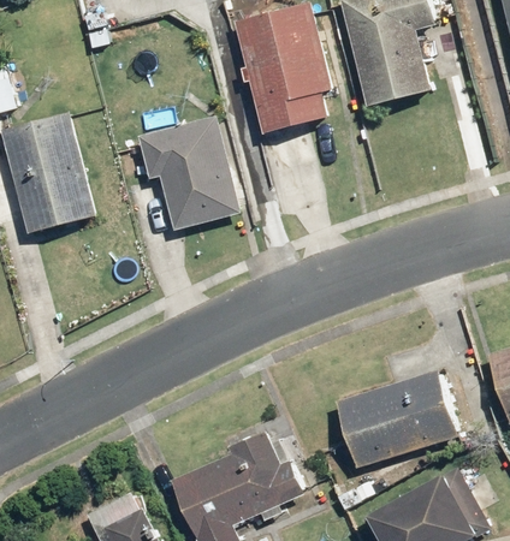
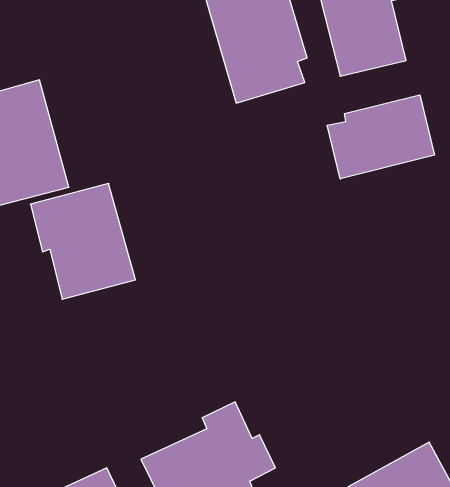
building: [137,115,241,230] -> [30,183,135,299]
building: none -> [327,95,434,179]
building: [333,368,456,468] -> none

